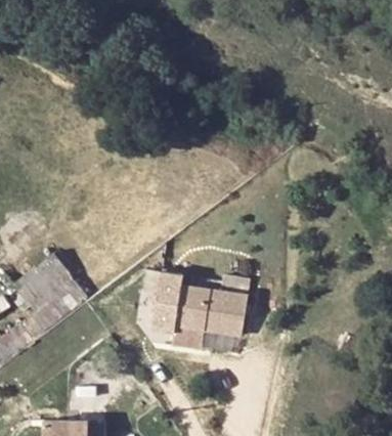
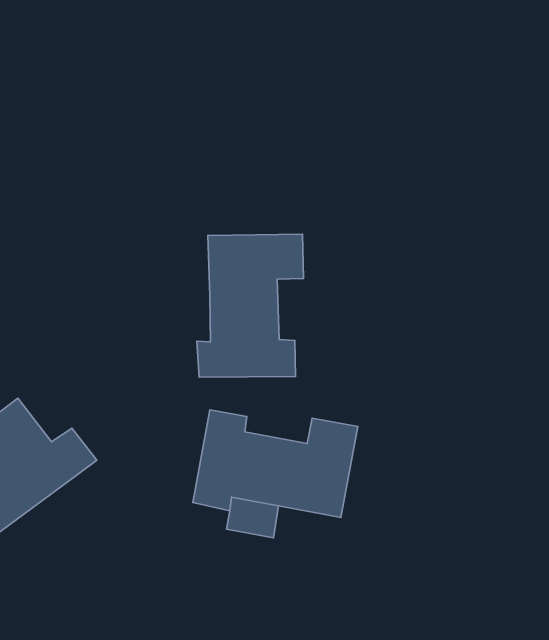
building: none -> [197,234,304,377]

